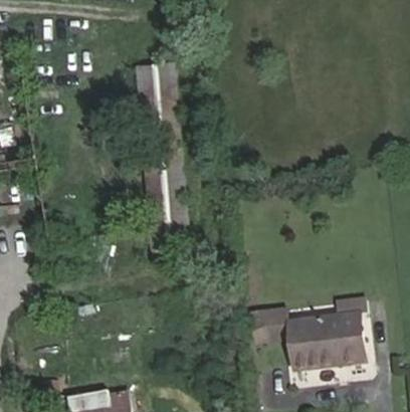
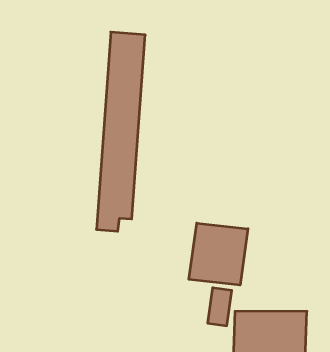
building: none -> [189,223,248,285]

